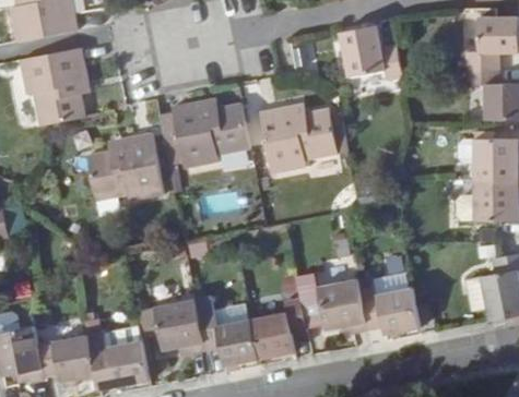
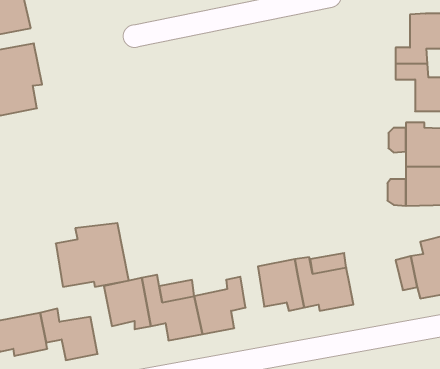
building: [341,25,402,79] -> none
building: [161,97,250,167] -> none
building: [261,103,340,172] -> none
building: [86,134,164,202] -> [56,223,129,287]

